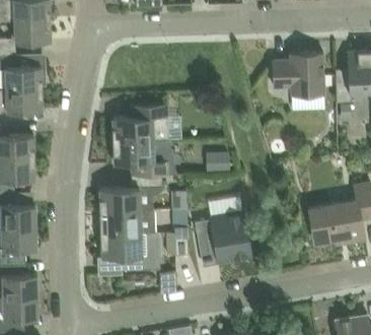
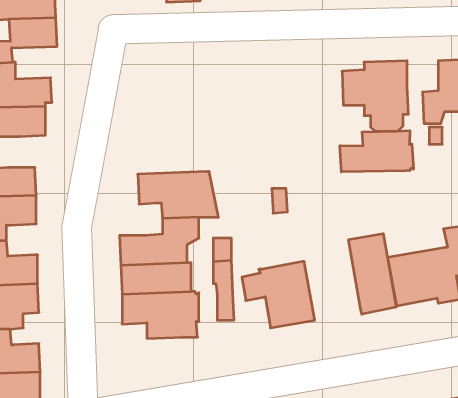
building: [113,104,168,141] -> none
building: none -> [340,131,413,172]
building: none -> [349,234,396,314]

